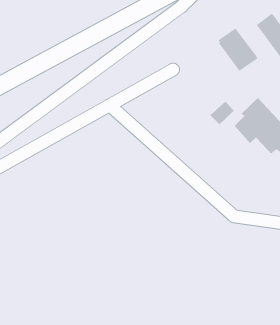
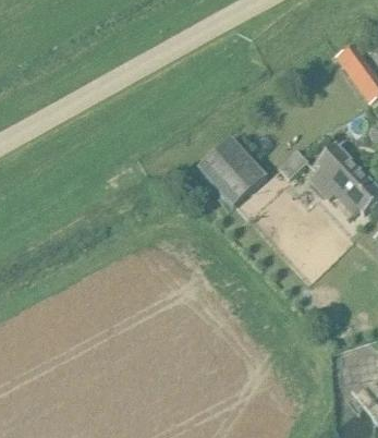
building: [218,27,258,72] -> none
building: none -> [197,136,266,205]

